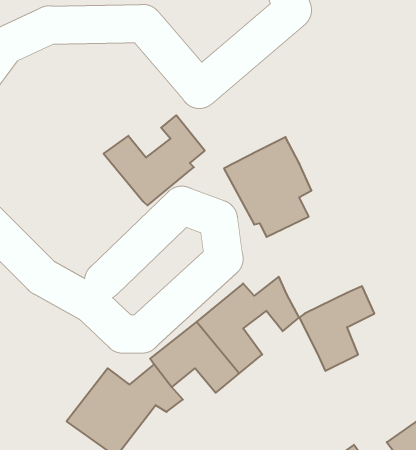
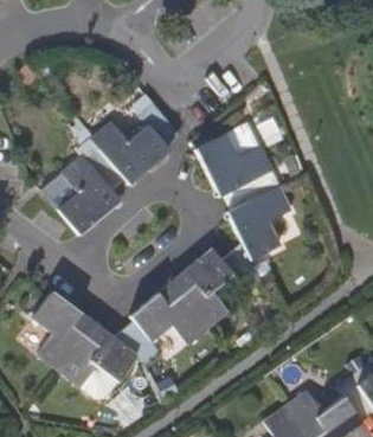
building: none -> [43,137,126,234]
building: [299,286,374,371] -> [227,186,292,259]
building: none -> [32,293,95,369]

